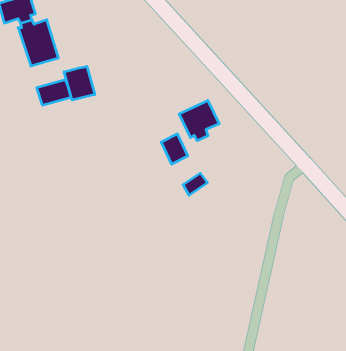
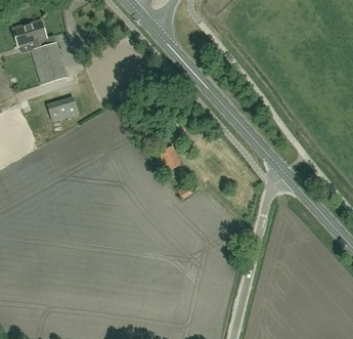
building: [64,66,95,100] -> none
building: [179,100,219,141] -> none

